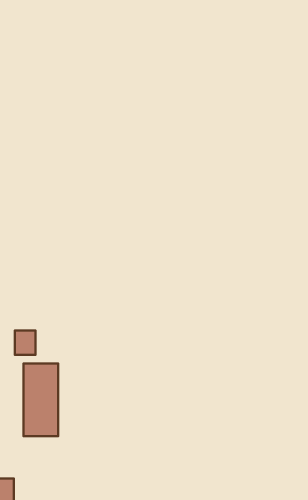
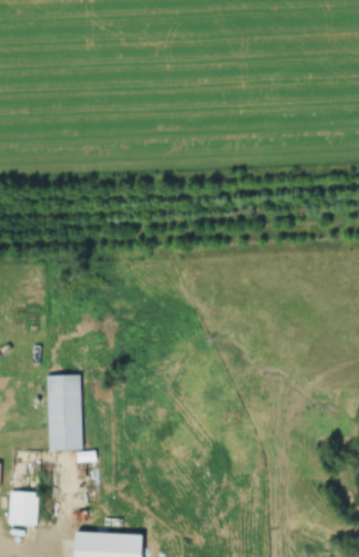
building: [15,331,35,355] -> none

